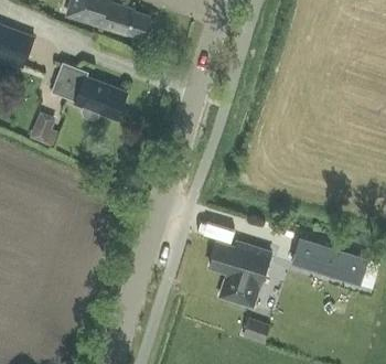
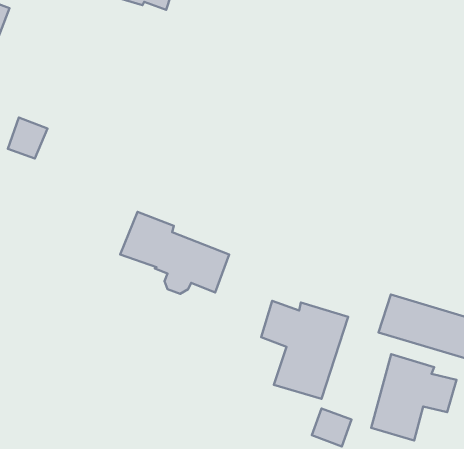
building: [50,62,126,119] -> [120,212,229,294]
building: none -> [371,354,457,441]

